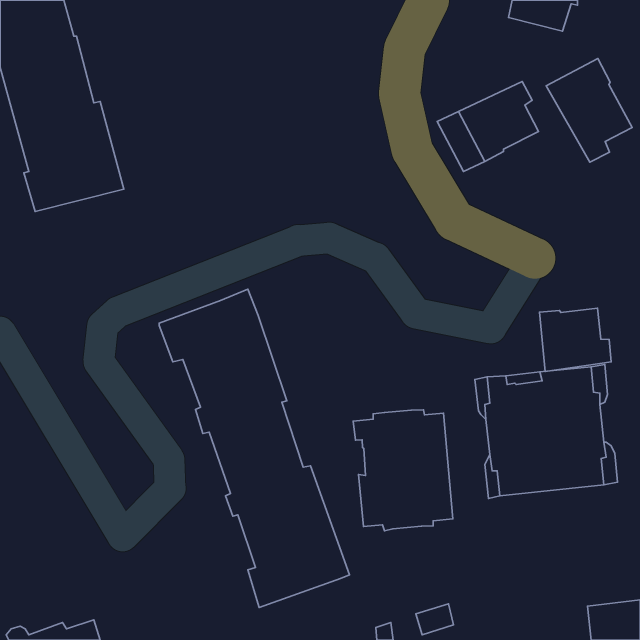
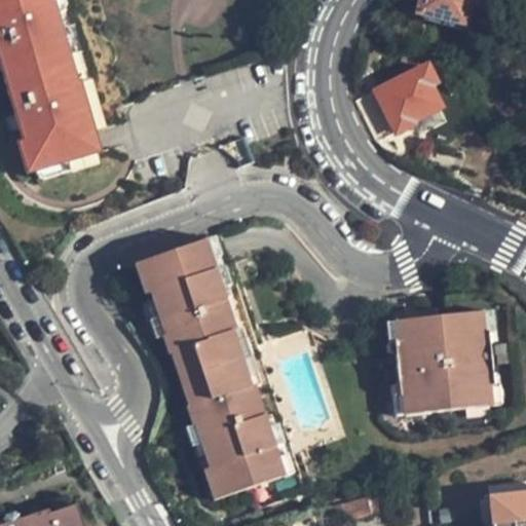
building: [546,59,632,162] -> none
building: [539,308,611,371] -> none
building: [353,410,453,531] -> none

